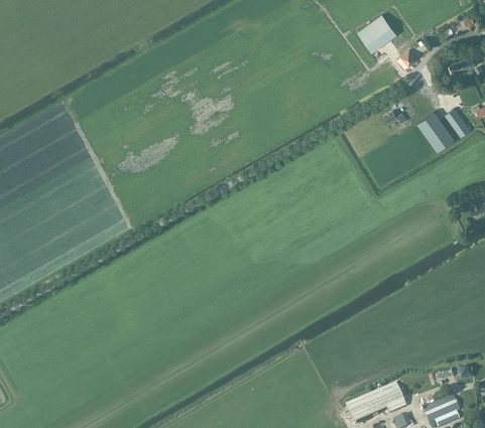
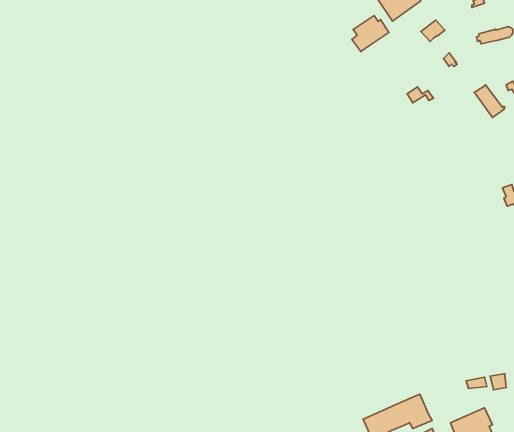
building: none -> [352,16,389,52]
building: [416,111,454,151] -> none

